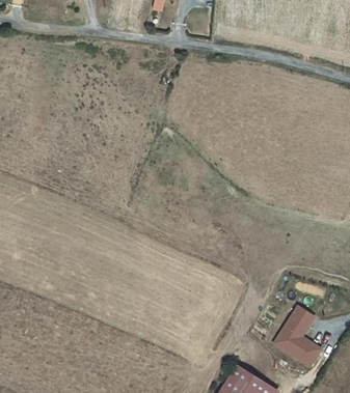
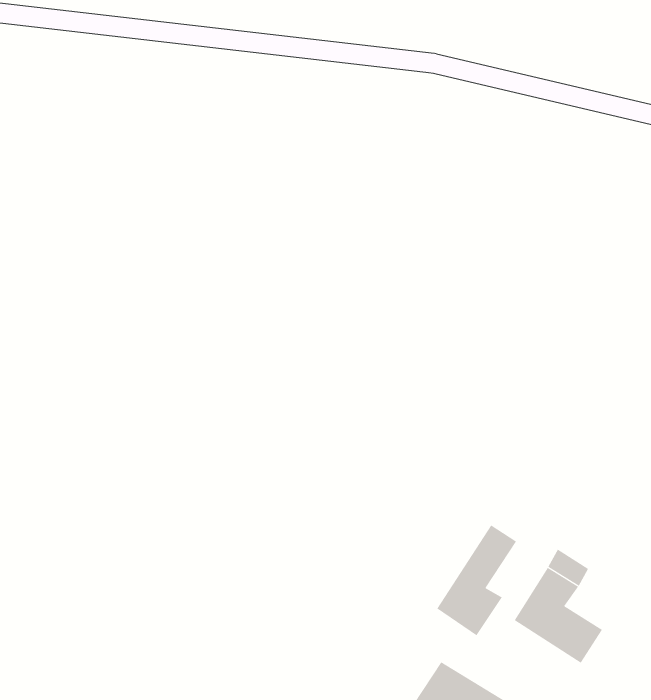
building: none -> [436,524,517,636]

